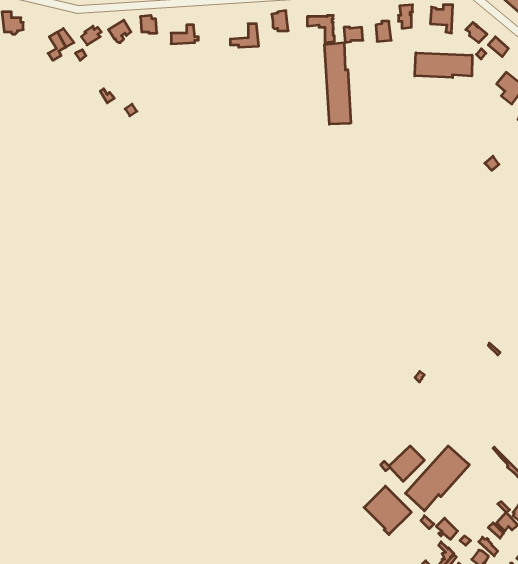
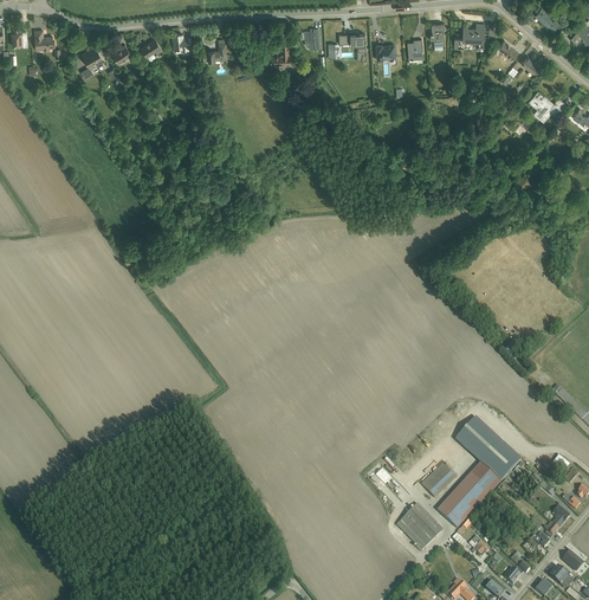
building: [325,43,351,124] -> none
building: [415,53,472,78] -> none
building: none -> [454,417,520,480]

